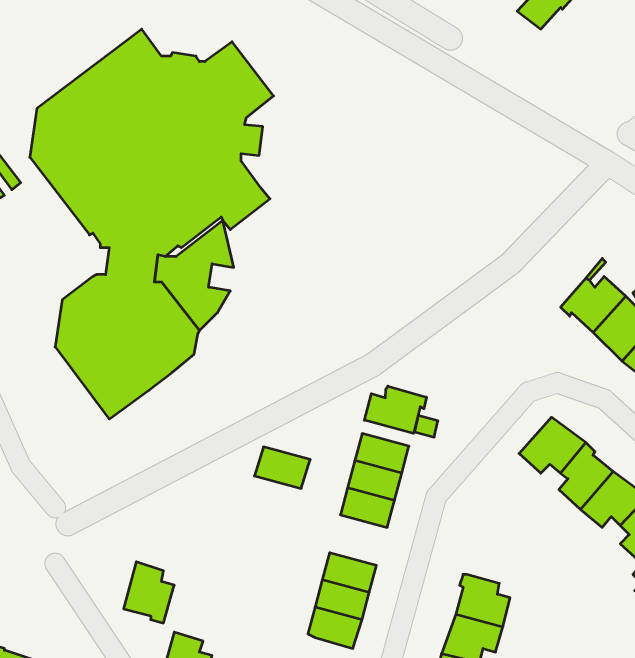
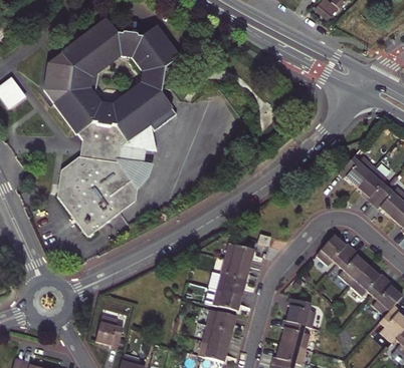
building: [364,386,426,433] -> none
building: [254,447,310,488] -> [211,288,242,311]
building: none -> [286,298,317,328]

